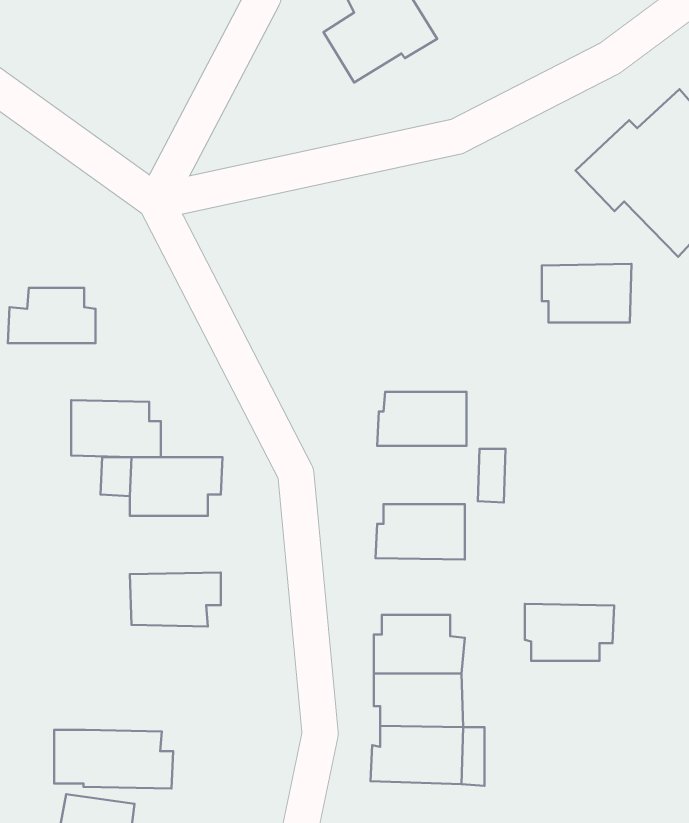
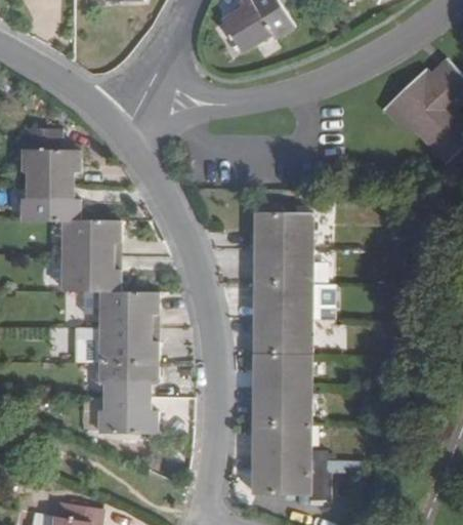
building: none -> [23,125,79,184]
building: [542,264,631,322] -> [256,212,312,249]
building: none -> [62,218,119,255]
building: none -> [255,283,311,320]
building: none -> [99,327,157,364]
building: [525,604,614,661] -> [254,354,310,390]
building: [54,730,173,788] -> [81,396,156,433]

